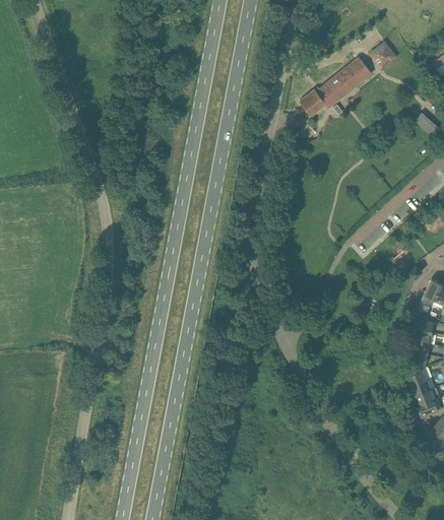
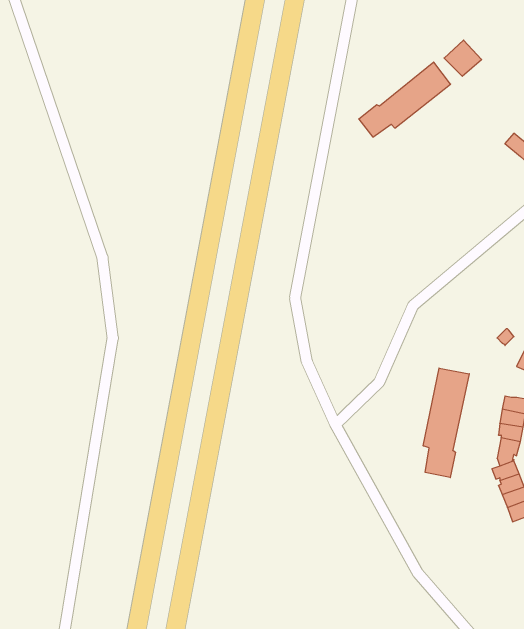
building: none -> [423,368,469,478]

